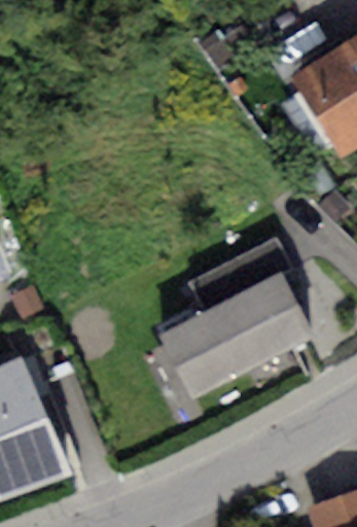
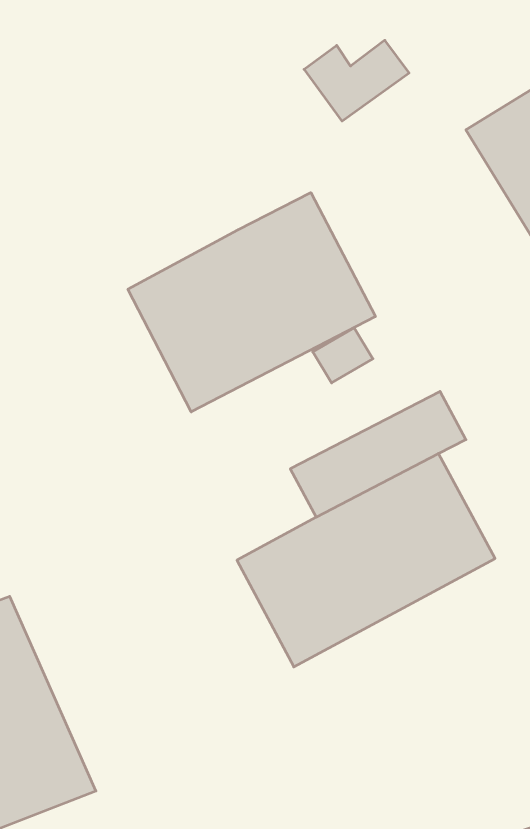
building: none -> [128,193,375,412]

